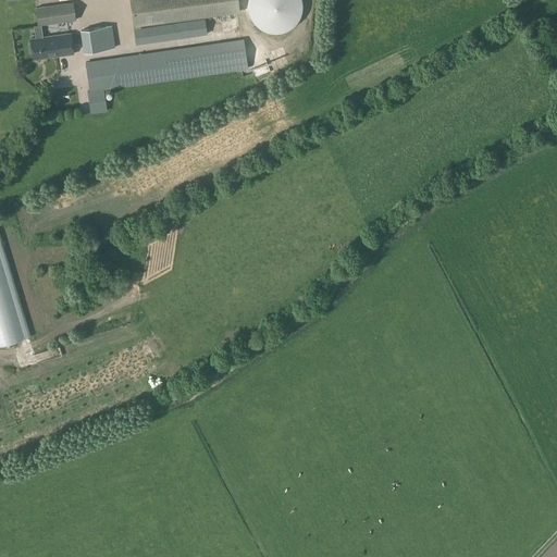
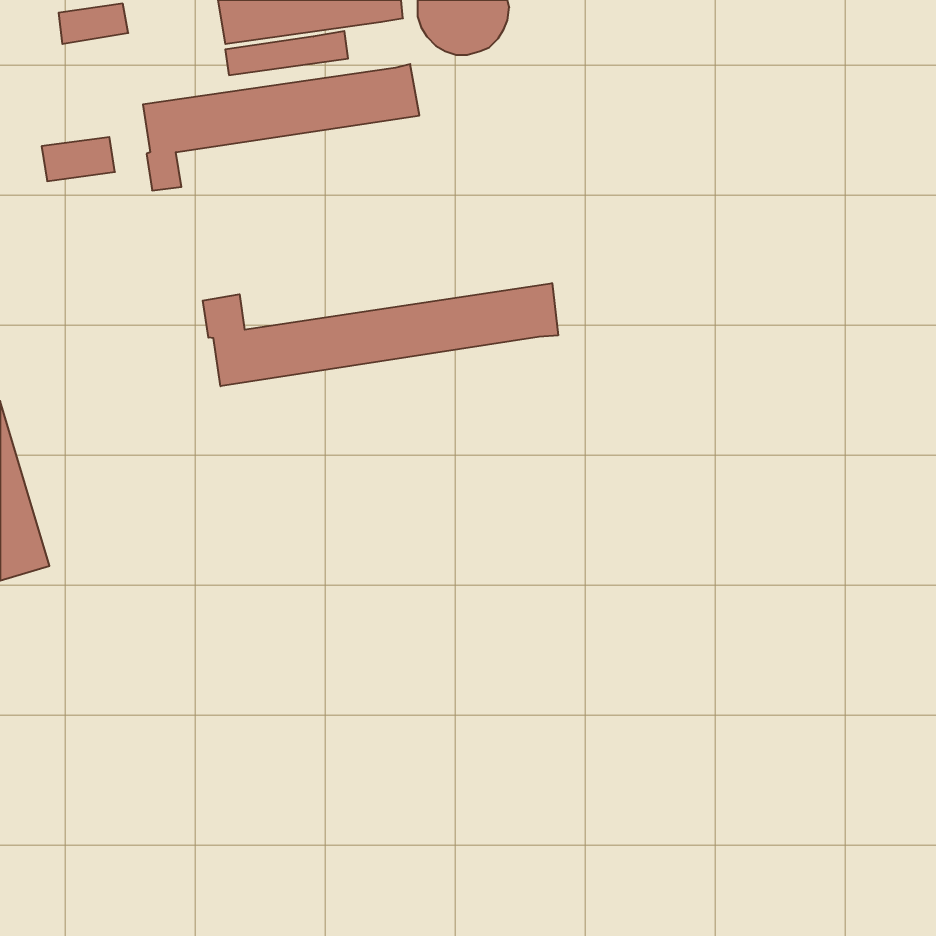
building: [81,25,115,52] -> none
building: [29,34,73,60] -> [42,137,115,181]
building: none -> [203,283,558,386]

